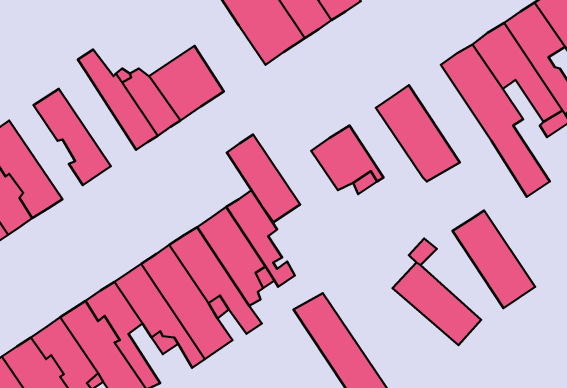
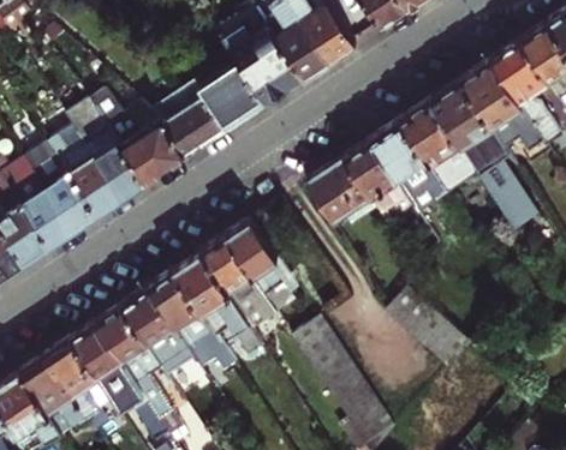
building: none -> [202,64,266,126]
building: none -> [70,107,143,197]
building: none -> [23,139,93,228]
building: [227,135,300,222] -> [345,142,415,224]
building: [453,211,535,308] -> [401,101,479,193]

